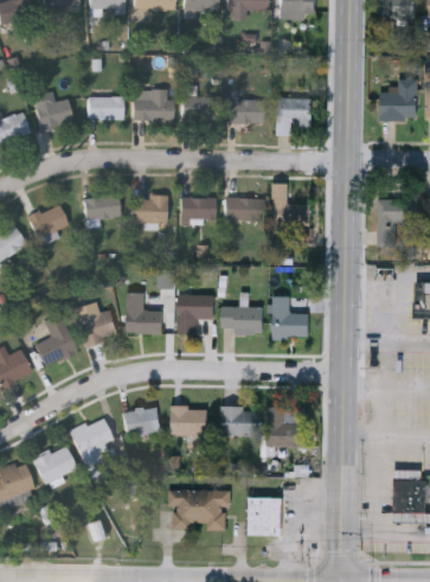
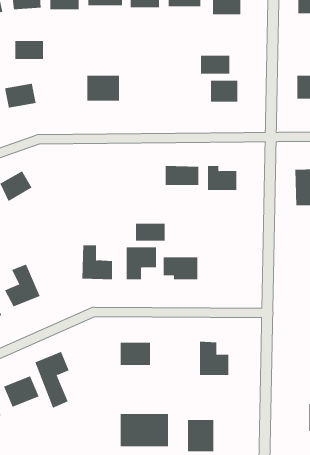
building: [184,89,214,121] -> none
building: [88,97,122,120] -> [15,40,44,60]
building: [227,101,263,123] -> [200,55,230,74]
building: [84,197,118,219] -> none
building: [131,198,166,224] -> none
building: [179,199,214,220] -> [135,223,165,241]
building: [272,295,309,335] -> none
building: [75,306,118,346] -> none
building: [122,407,160,436] -> none
building: [222,407,256,435] -> none

